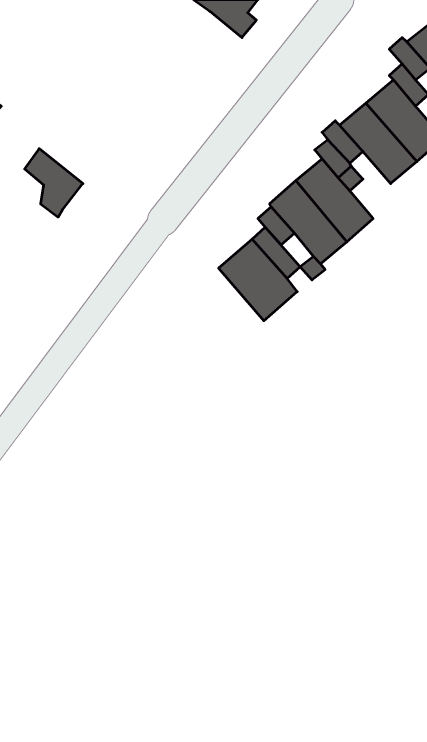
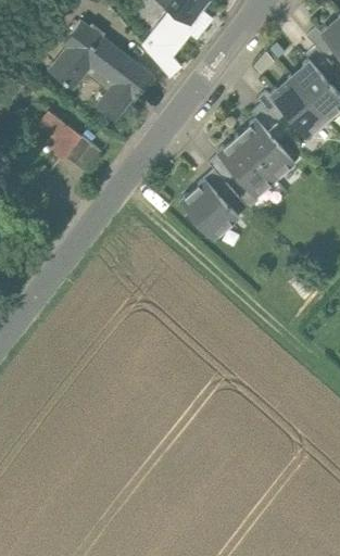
building: none -> [143,9,197,76]
building: none -> [51,22,154,119]
building: none -> [63,137,99,173]

